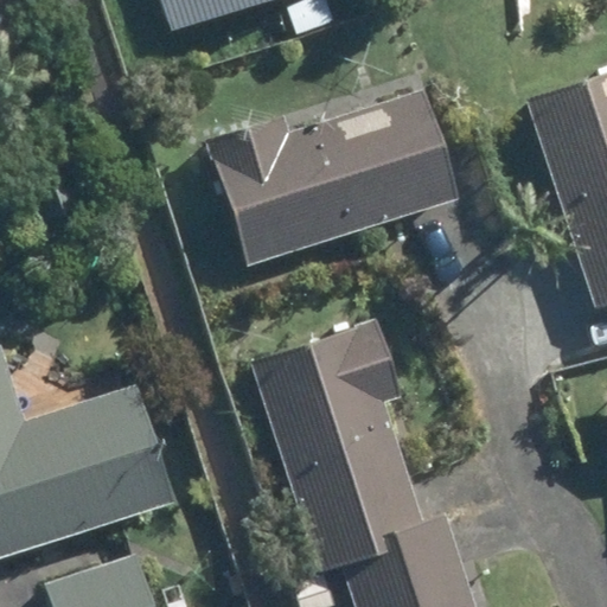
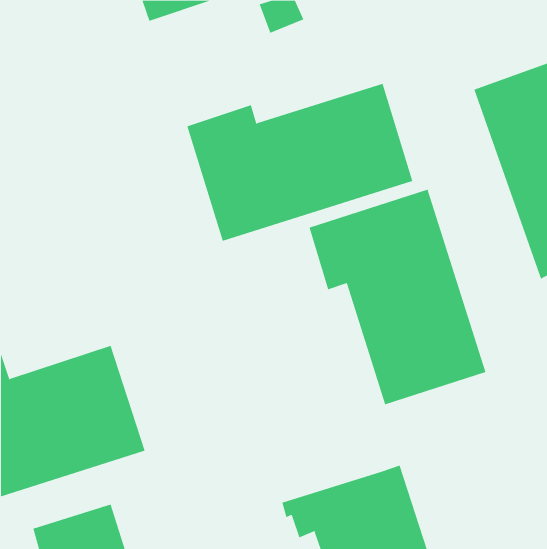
building: none -> [309,189,486,405]
building: [253,322,423,555] -> none

